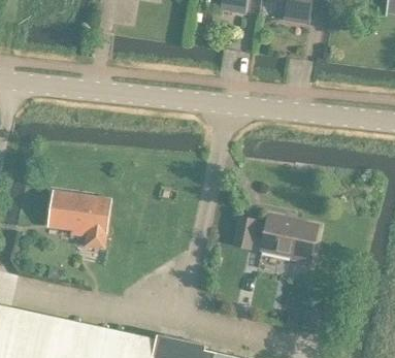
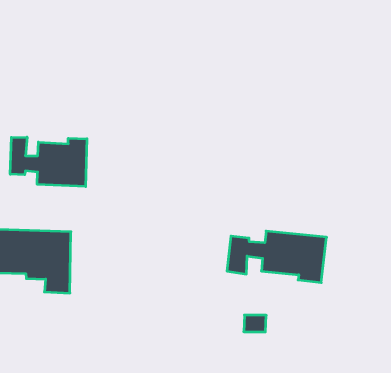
building: none -> [10,137,87,187]

